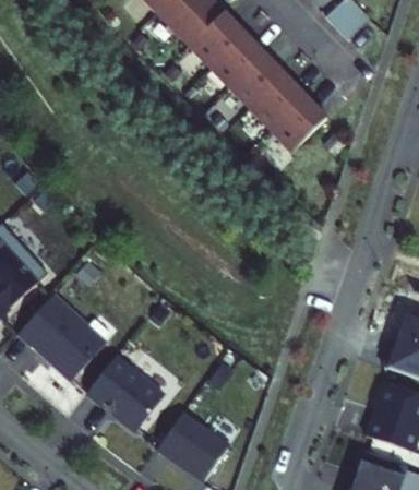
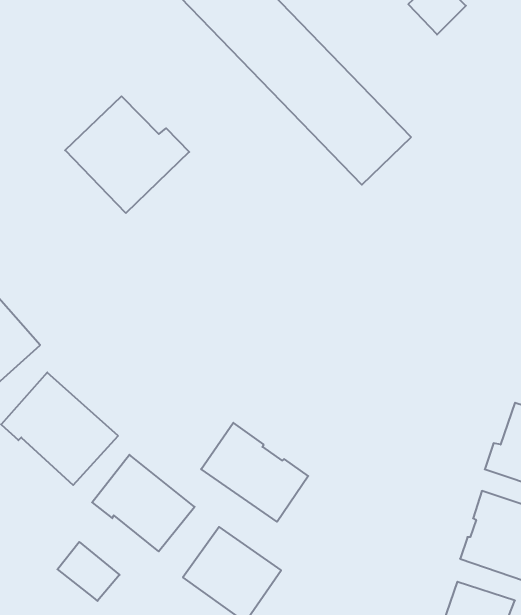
building: none -> [65,96,189,213]
building: none -> [201,423,308,522]
building: none -> [57,542,120,601]

